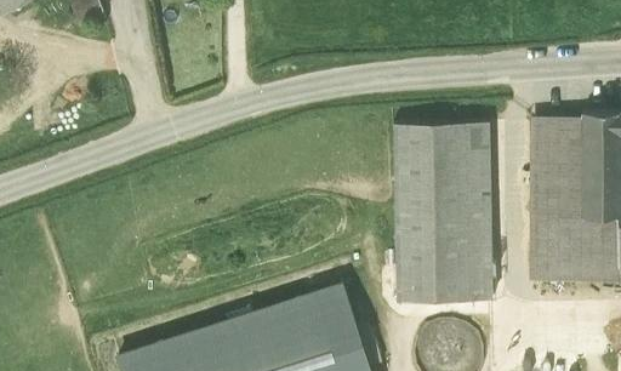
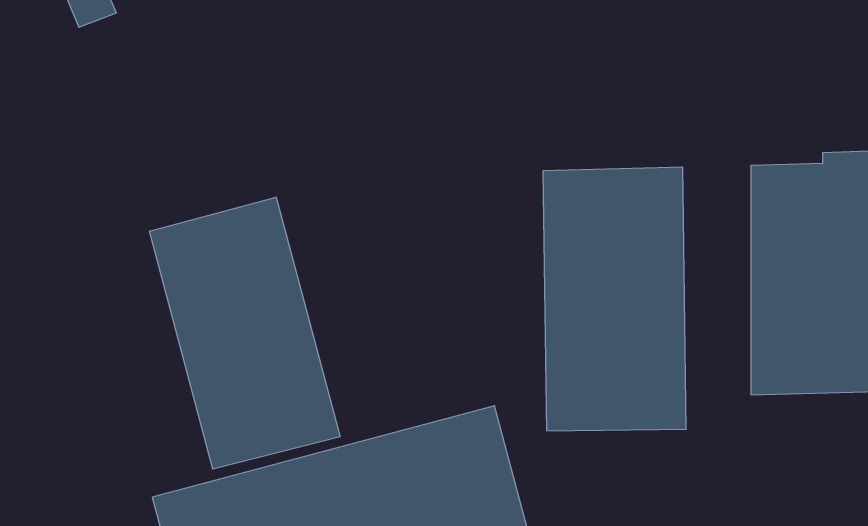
building: none -> [149,197,340,469]

